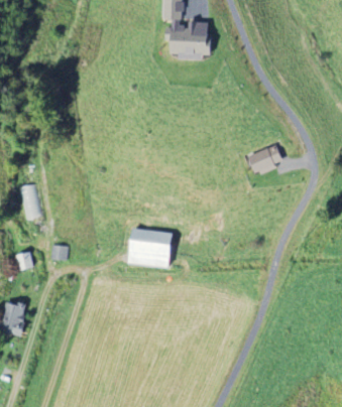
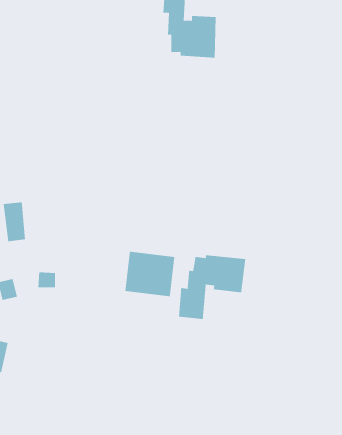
building: [248,146,281,175] -> none
building: none -> [178,255,246,320]

